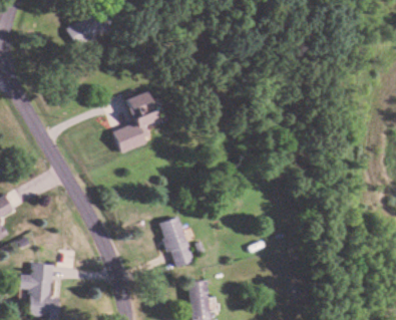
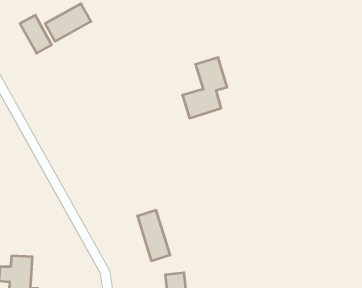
building: none -> [20,15,52,53]
building: [113,91,158,152] -> [182,58,227,118]

